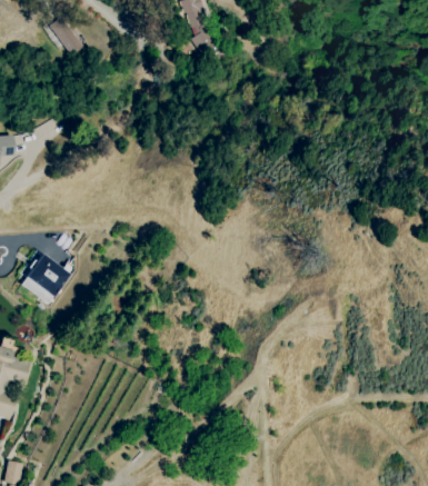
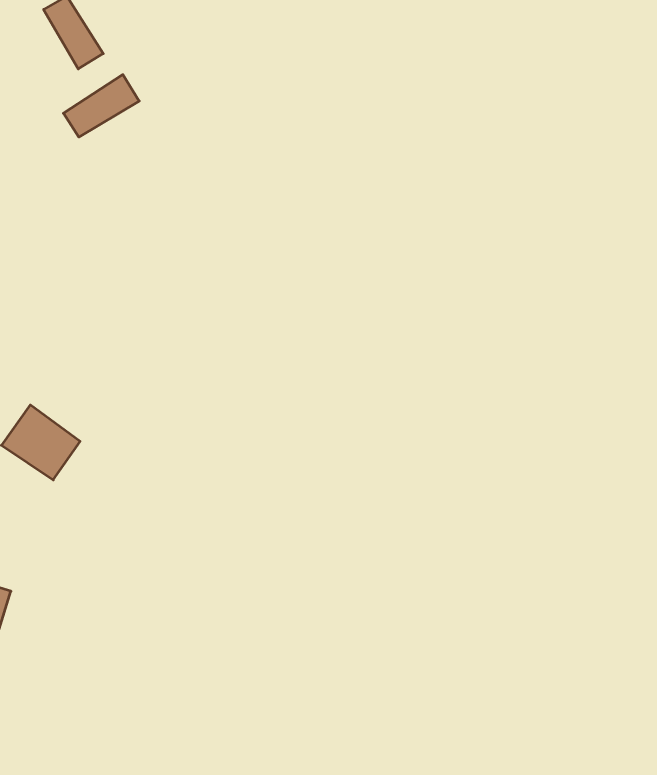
building: none -> [63,75,139,137]

